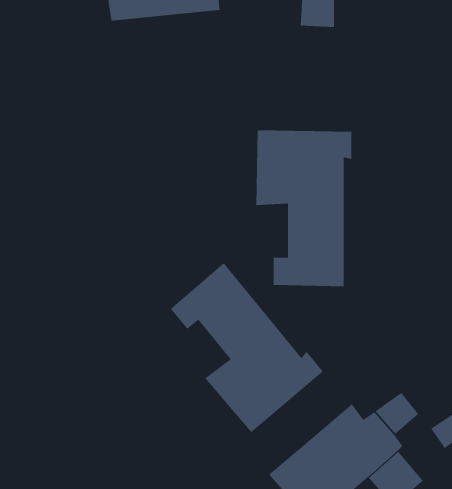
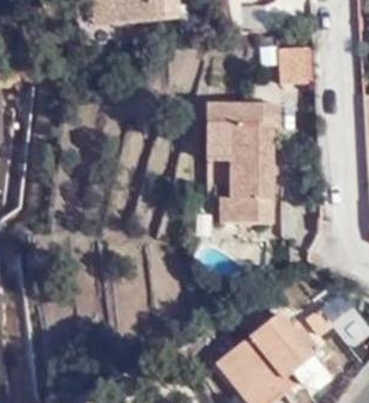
building: none -> [278,49,315,87]
building: [170,262,324,433] -> none

